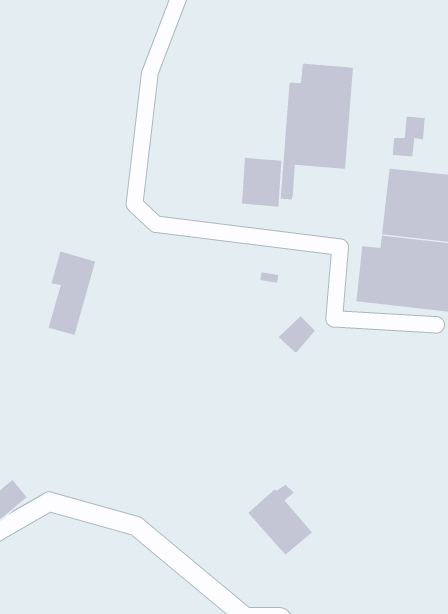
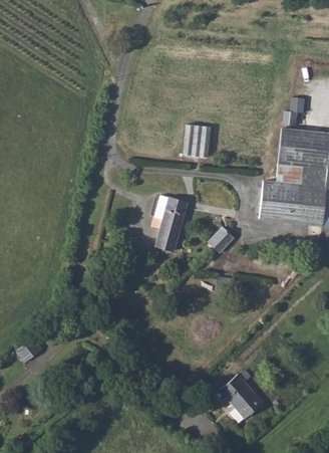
building: [280,63,354,200] -> none
building: [48,250,96,336] -> [155,195,188,251]
building: [248,484,313,556] -> [220,371,263,418]

